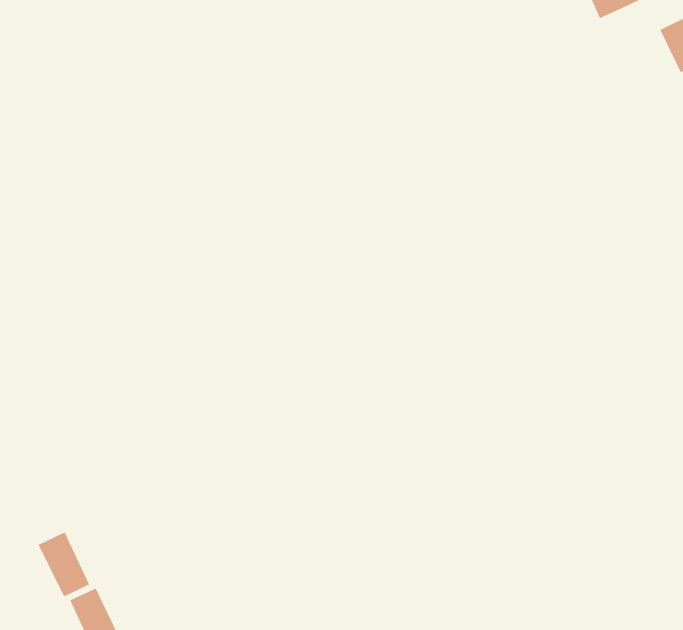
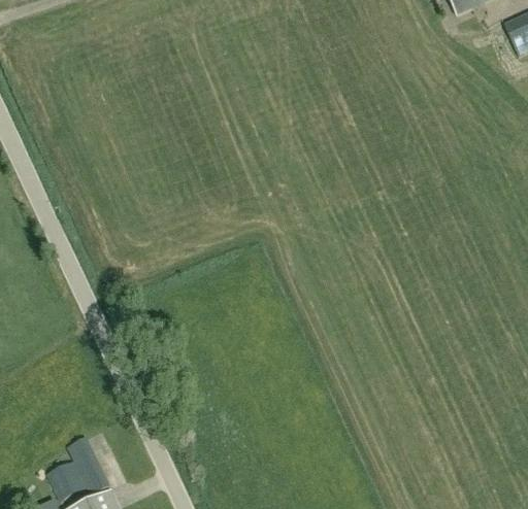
building: [38,531,90,597] -> none

